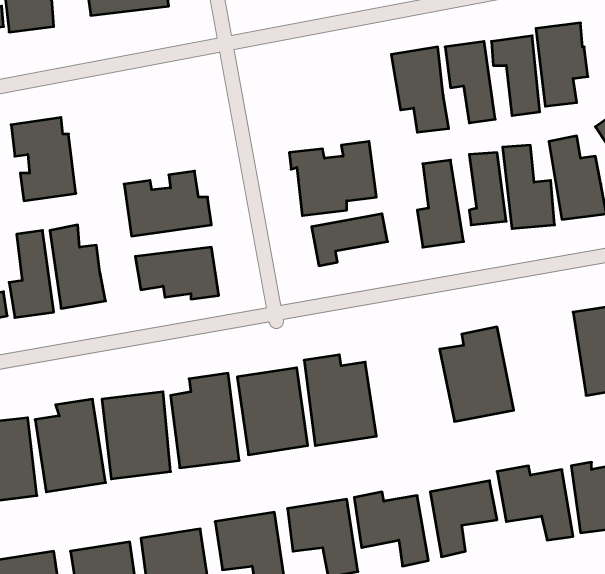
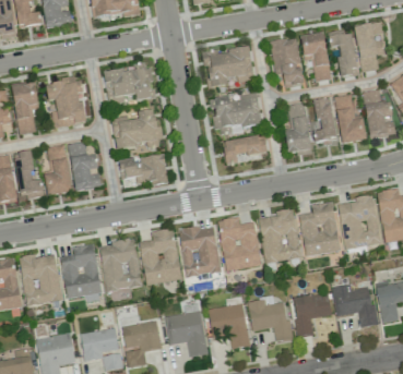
building: none -> [204,48,253,87]
building: none -> [104,65,154,104]
building: none -> [337,194,380,248]
building: none -> [258,207,301,263]

